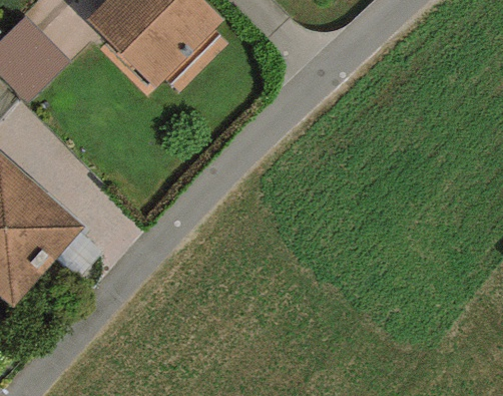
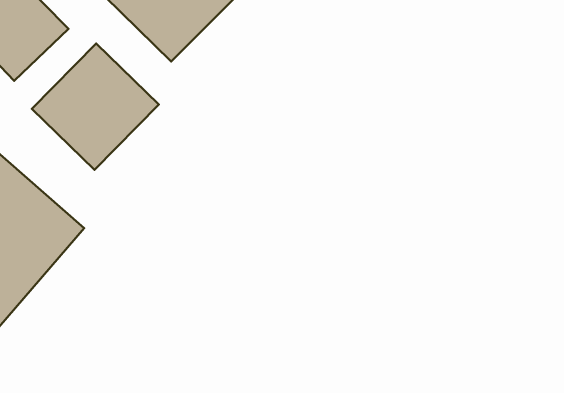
building: none -> [32,44,159,170]

